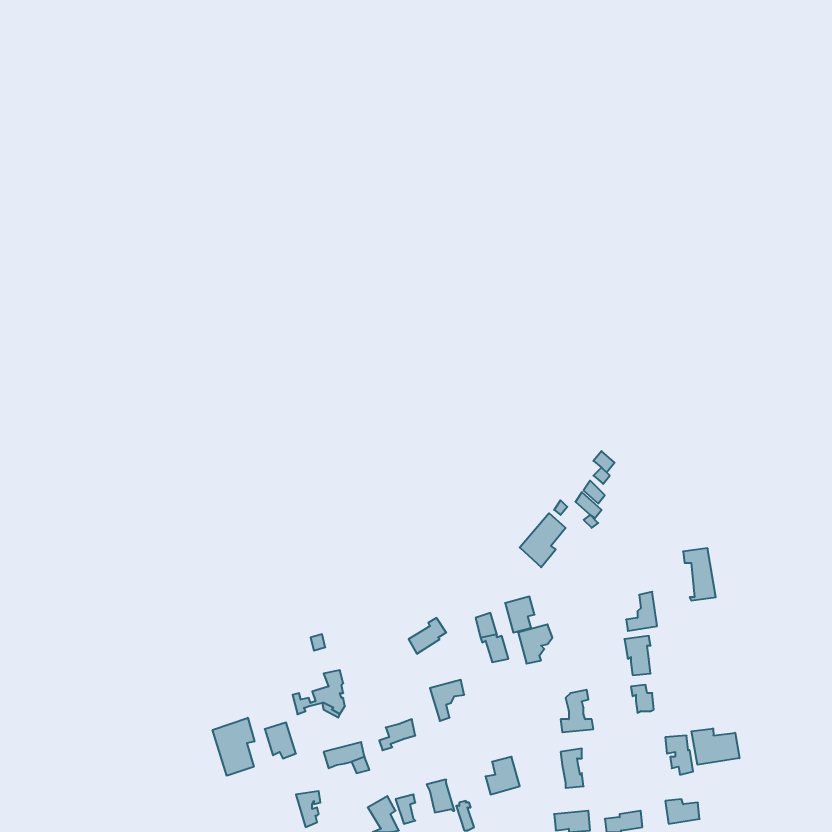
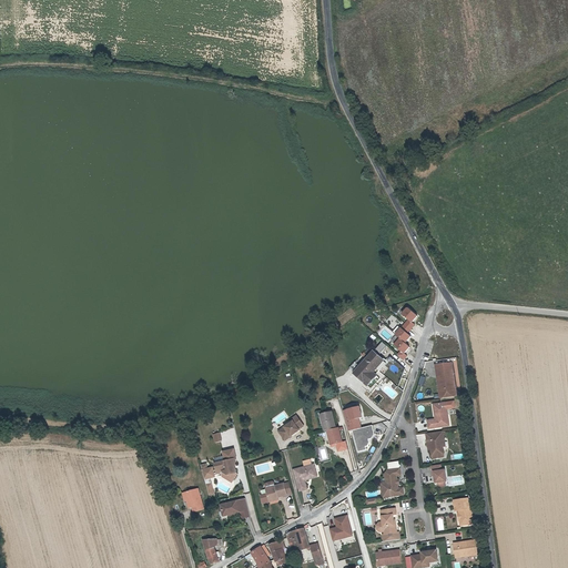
building: [683,548,716,601] -> [432,363,454,398]
building: [213,718,254,776] -> none
building: [691,728,739,765] -> none

